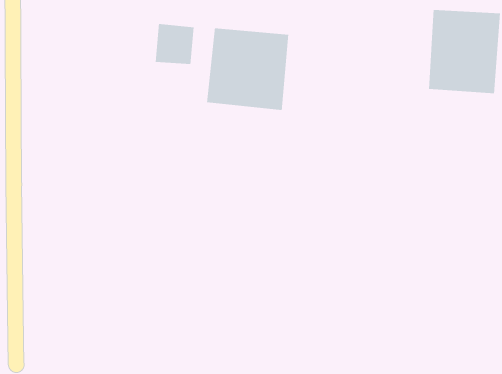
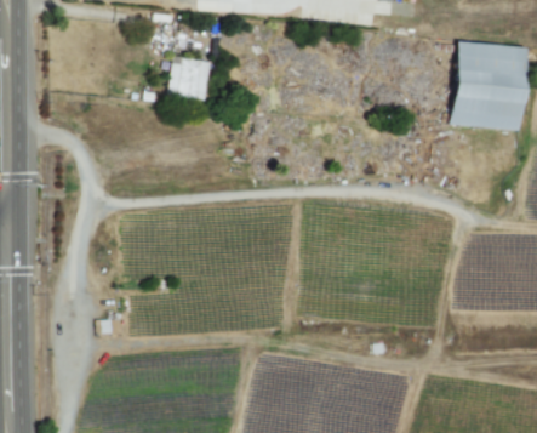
building: [207,27,289,111] -> none

